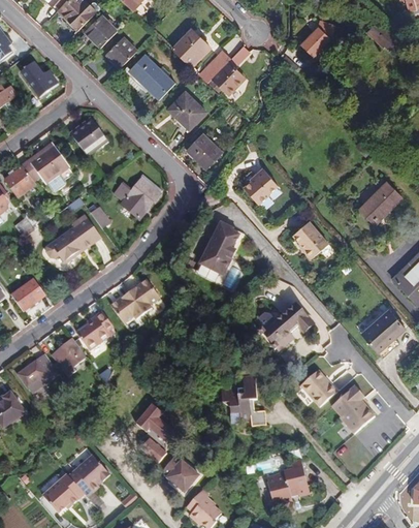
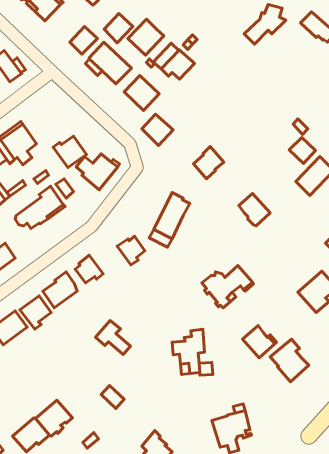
building: [85,14,117,48] -> [104,13,133,43]
building: [70,120,107,155] -> [53,136,86,167]
building: none -> [289,137,315,164]
building: [128,280,159,312] -> [117,236,145,265]
building: [137,403,176,441] -> [95,320,131,355]
building: [161,456,199,493] -> none

